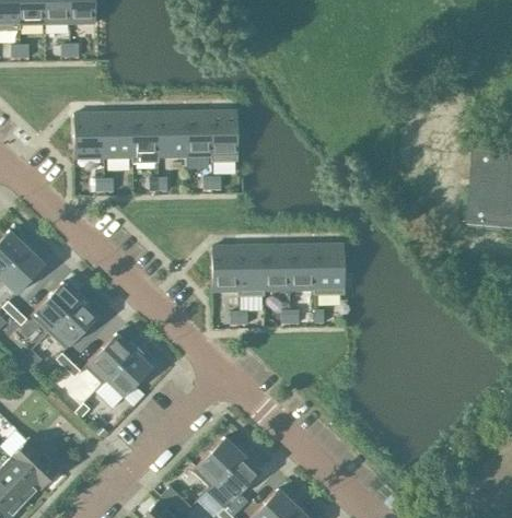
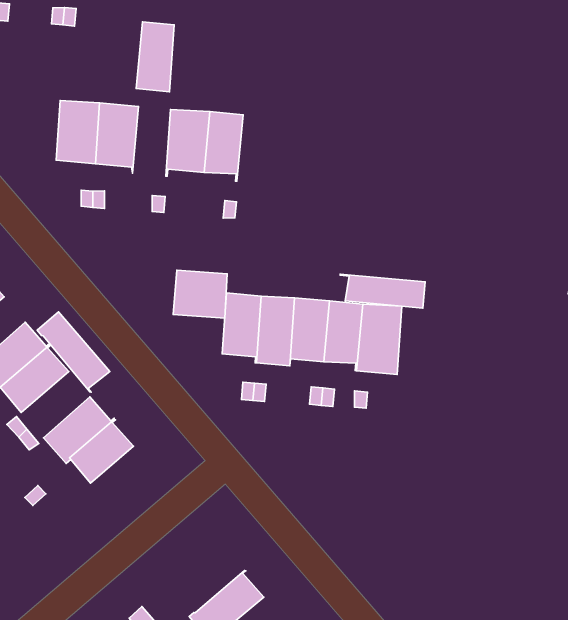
building: [212,110,238,162] -> none
building: [133,113,159,163] -> [136,22,174,92]
building: none -> [340,274,425,308]
building: none -> [173,270,227,318]
building: none -> [37,312,110,392]
building: [193,437,245,487] -> none

